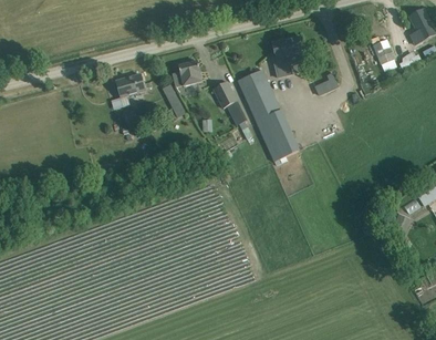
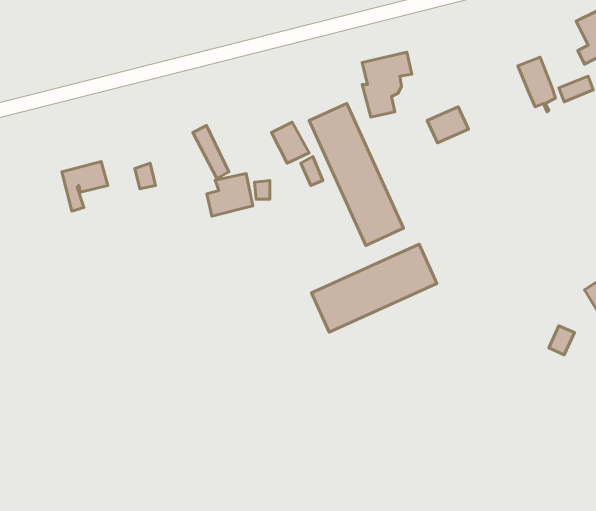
building: [172,60,201,87] -> [207,173,253,216]
building: [115,74,145,106] -> [62,161,108,211]
building: none -> [312,244,437,332]

